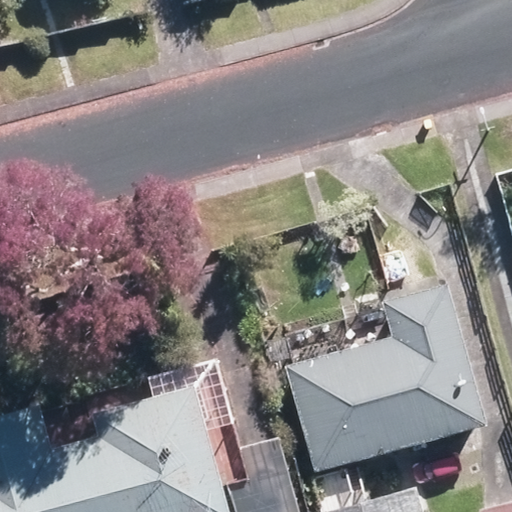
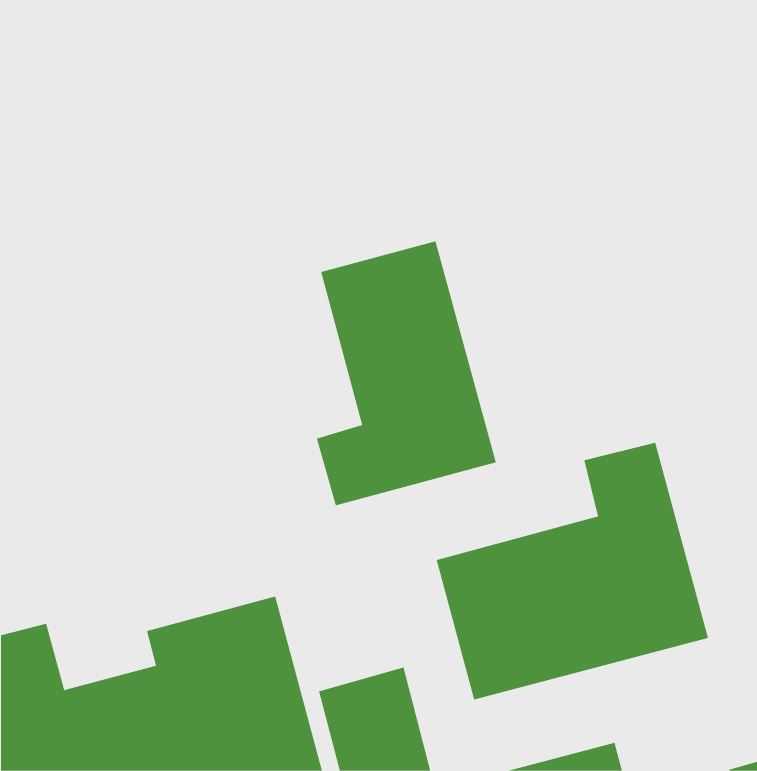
building: none -> [316,240,497,506]

